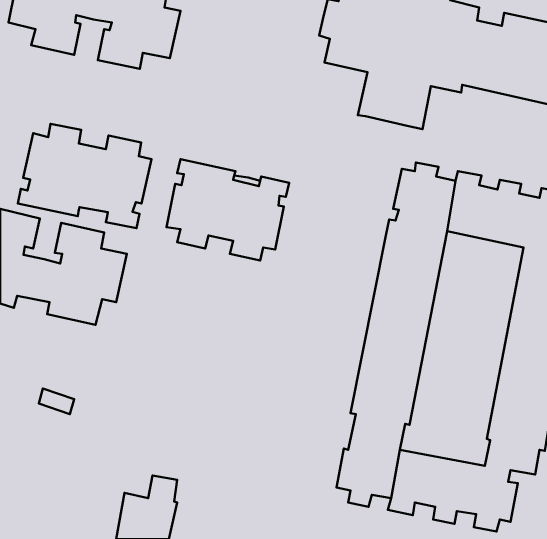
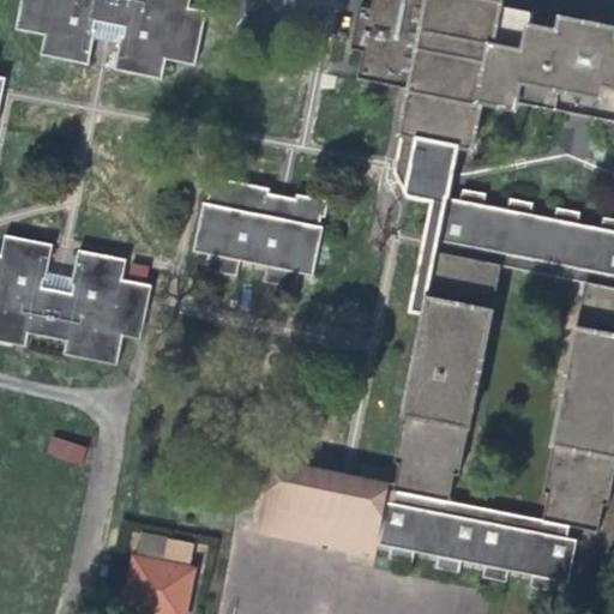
building: none -> [403,130,457,263]
building: [18,124,152,228] -> none
building: none -> [263,457,390,553]

